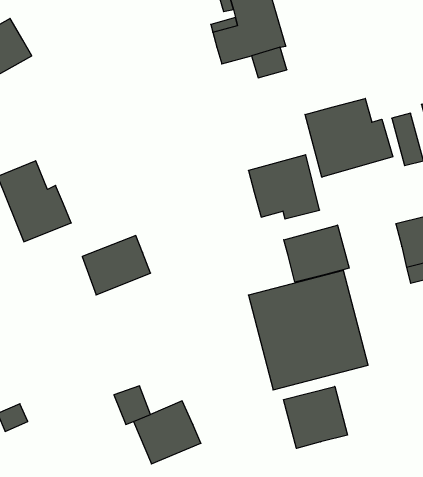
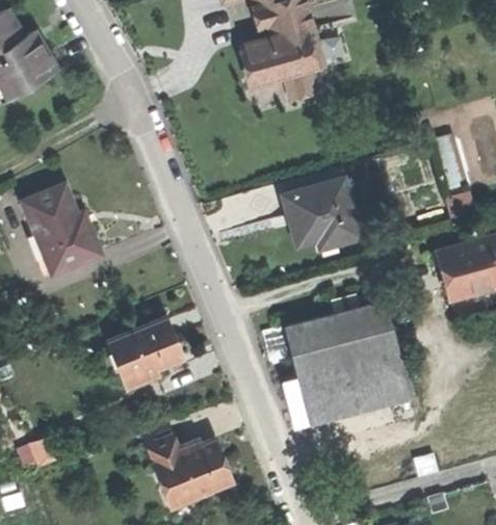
building: [305,98,393,177] -> none
building: [284,225,349,282] -> none
building: [82,236,151,295] -> [109,319,181,382]
building: [284,386,347,448] -> none

